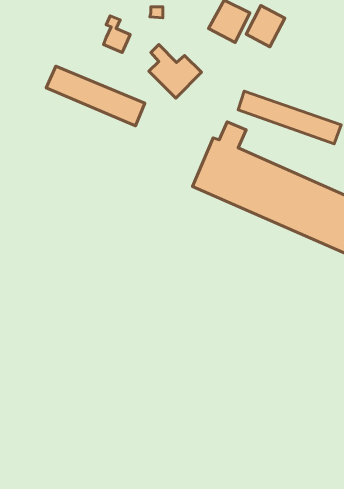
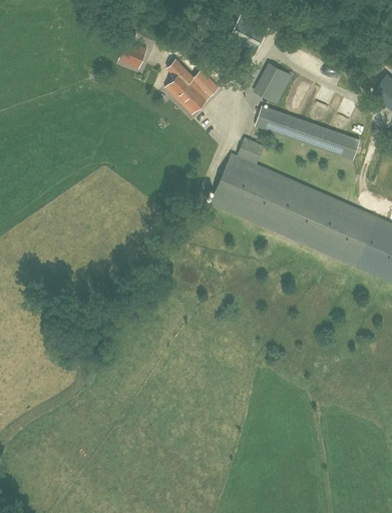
building: [246,5,285,47] -> [253,62,292,104]
building: [46,66,145,126] -> none

